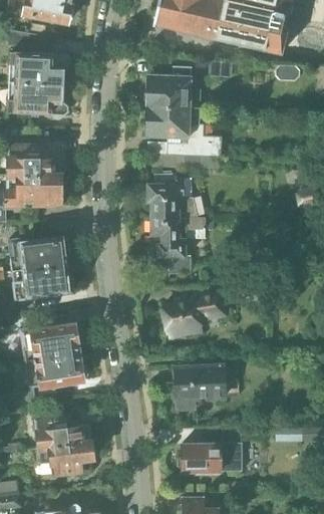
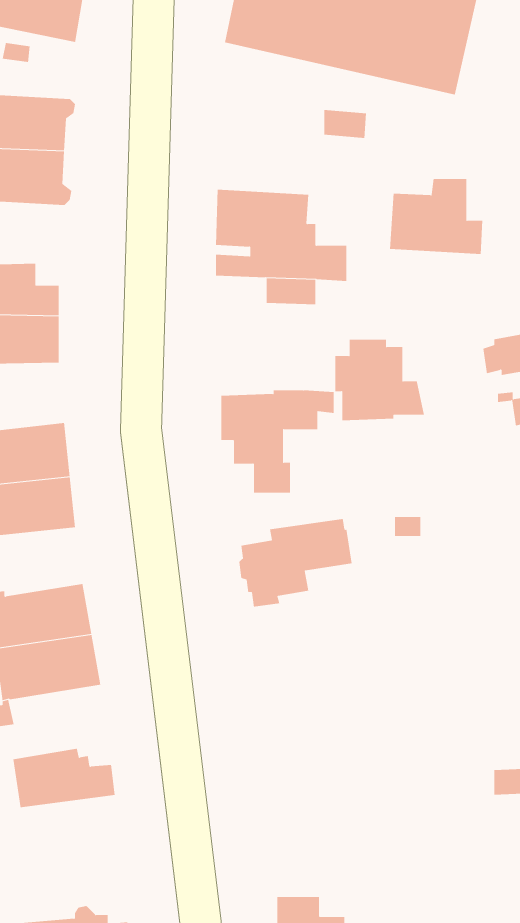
building: [148,66,201,108] -> [389,179,483,255]
building: [146,175,197,220] -> [334,339,425,421]
building: [176,368,226,411] -> none
building: [39,442,94,475] -> none
building: [183,444,244,473] -> none

